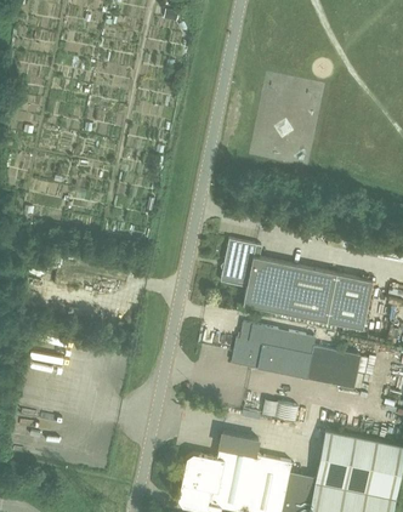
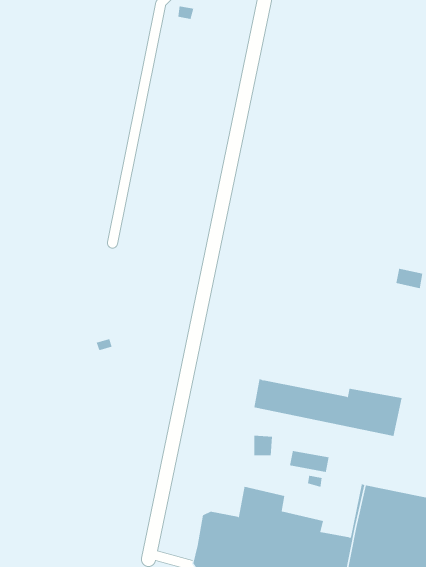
building: [220,240,373,331] -> none
building: [239,323,317,354] -> none

